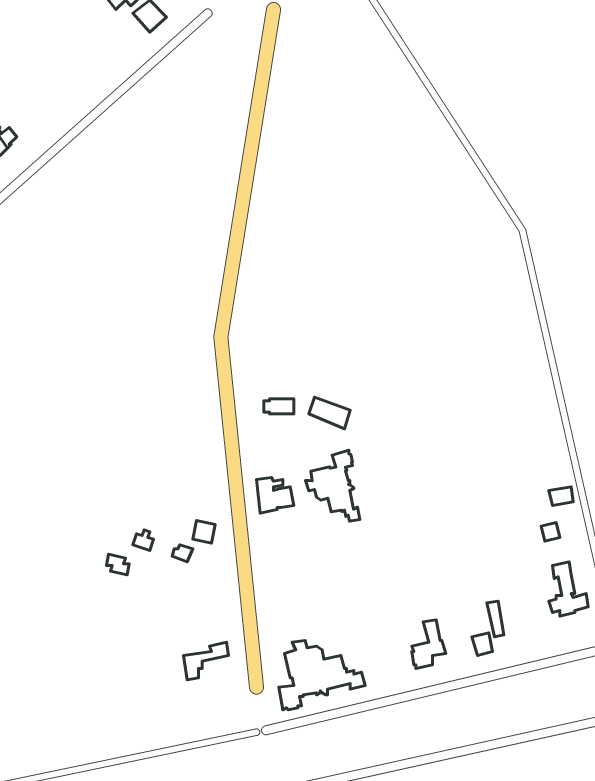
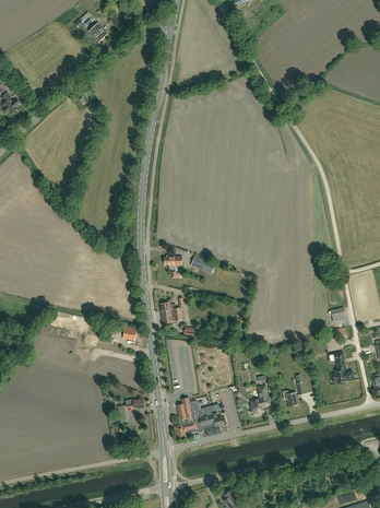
building: [306,450,360,521] -> none

